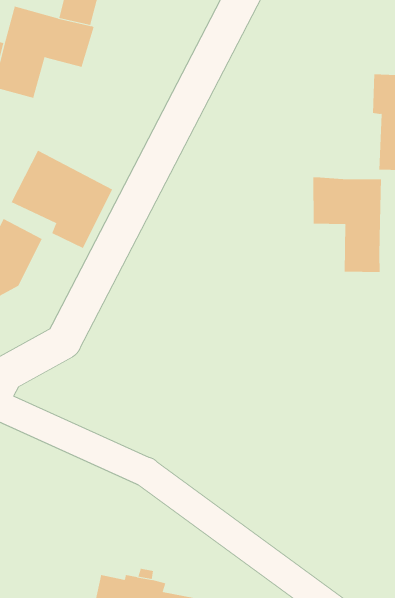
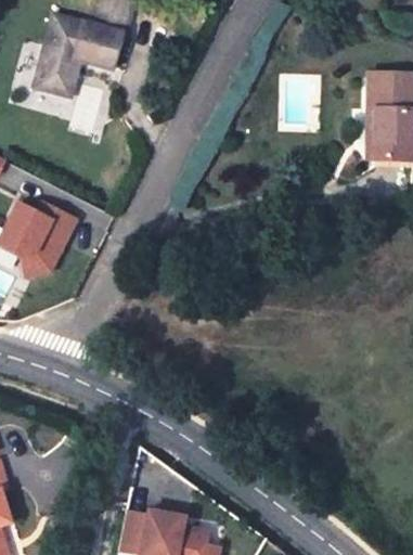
building: [11,150,113,249] -> none
building: [313,177,381,273] -> none

